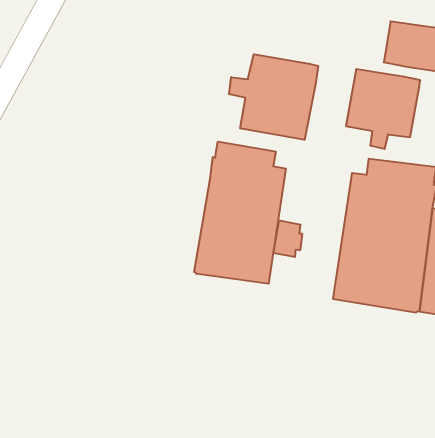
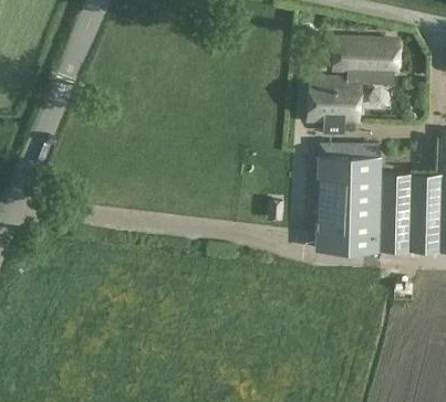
building: [229,54,318,140] -> none
building: [194,142,286,284] -> none

